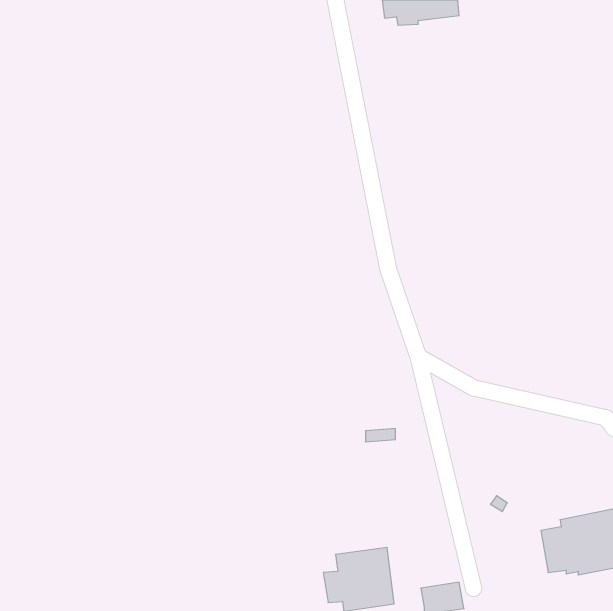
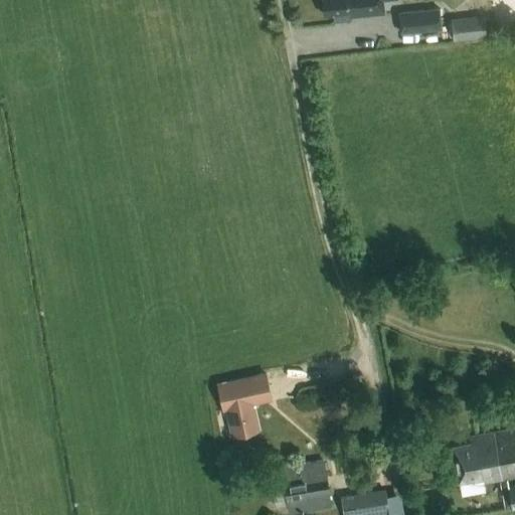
building: none -> [398,9,443,35]
building: none -> [452,16,487,41]
building: none -> [218,373,272,437]

